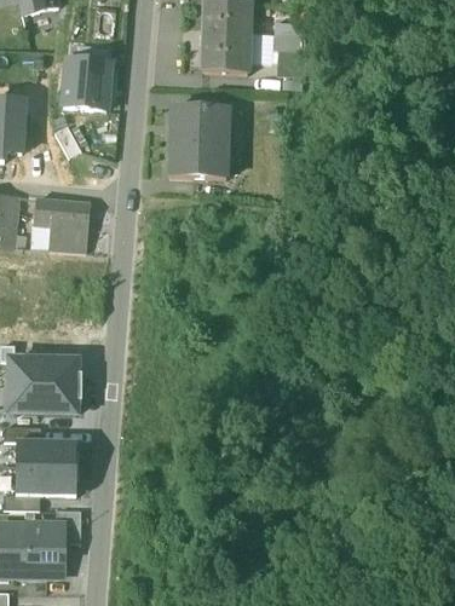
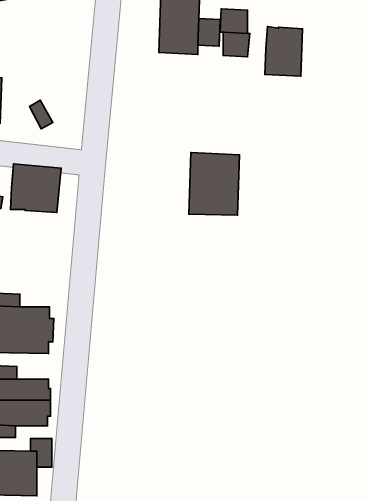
building: none -> [265,26,302,76]
building: [63,58,109,110] -> none
building: [169,105,227,177] -> [189,153,240,215]

